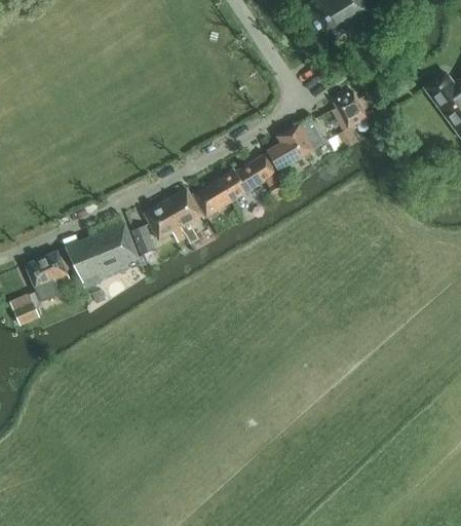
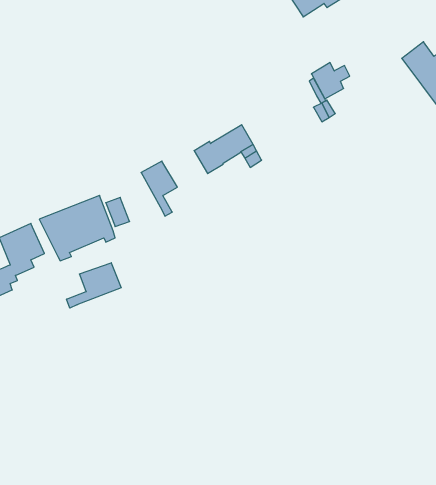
building: [268,117,324,168] -> none
building: [193,178,232,219] -> none
building: [144,199,187,240] -> none
building: none -> [67,263,121,308]

